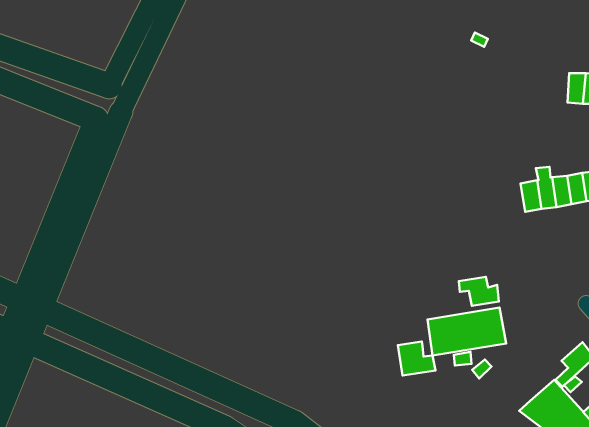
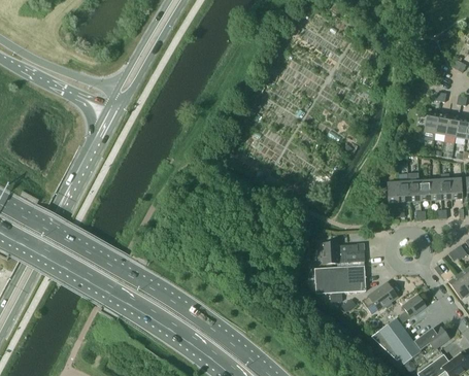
building: none -> [363,282,398,309]
building: [398,341,436,375] -> [323,241,346,263]

